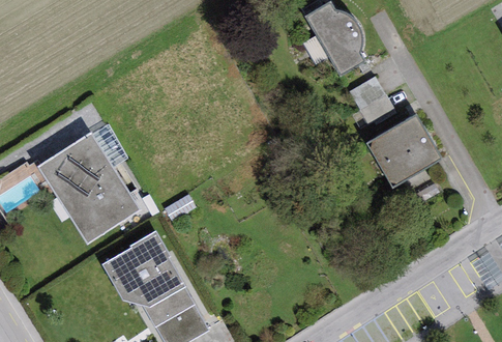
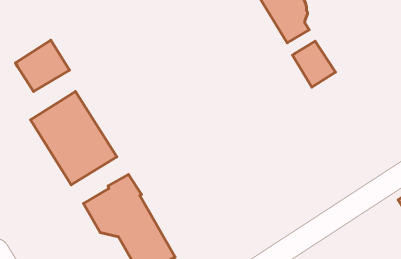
building: none -> [15,40,69,91]
building: [365,114,442,187] -> none

